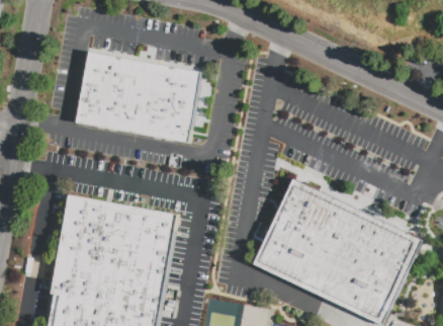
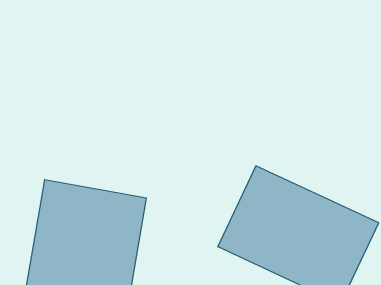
building: [75,51,201,144] -> none

